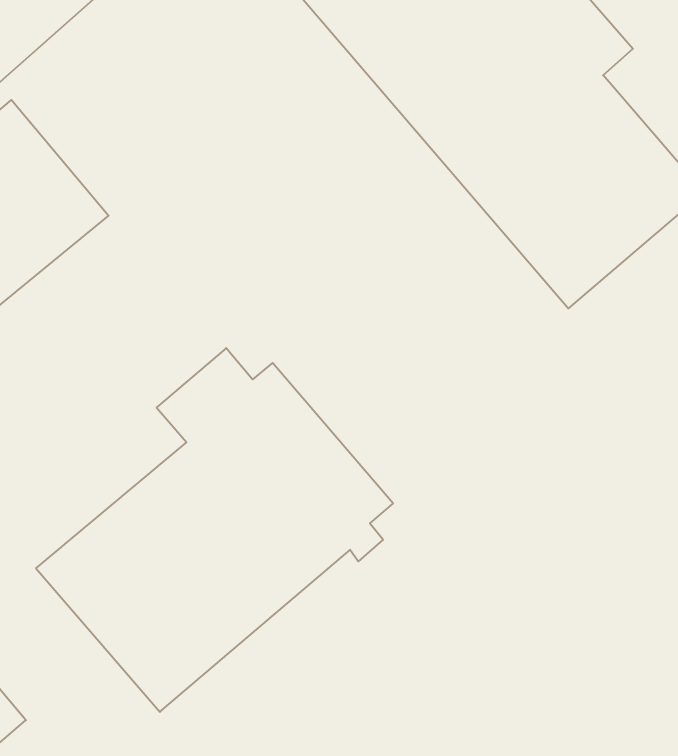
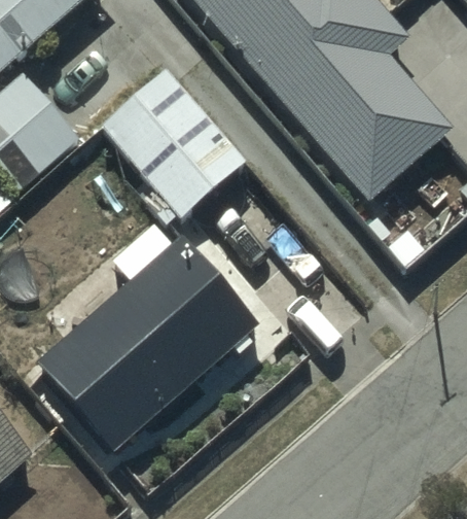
building: none -> [100,64,247,223]

